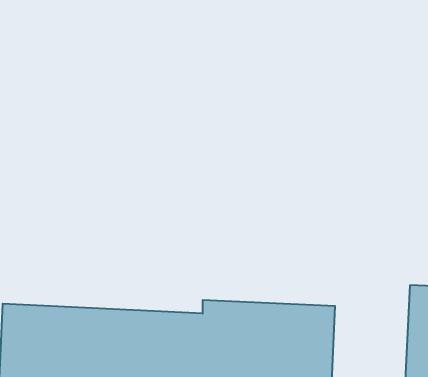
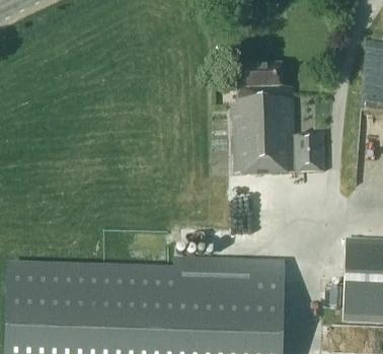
building: none -> [233,71,323,180]

